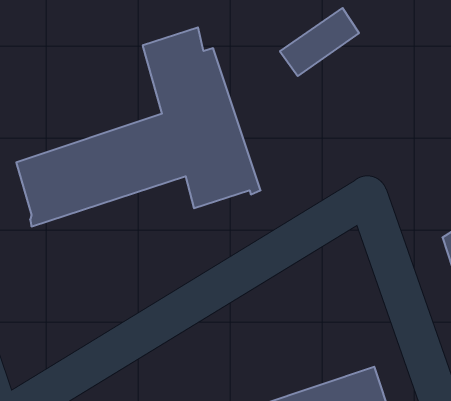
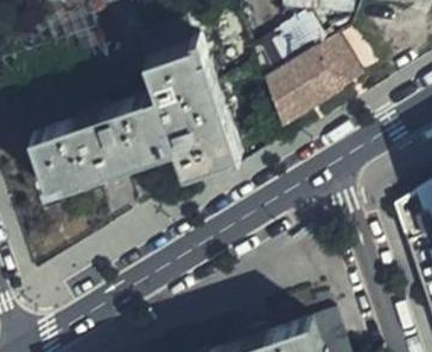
building: none -> [263,40,375,119]

